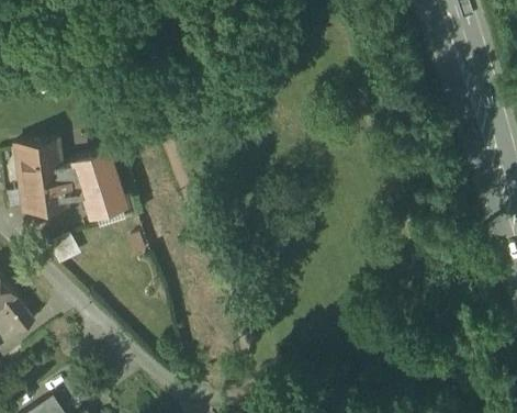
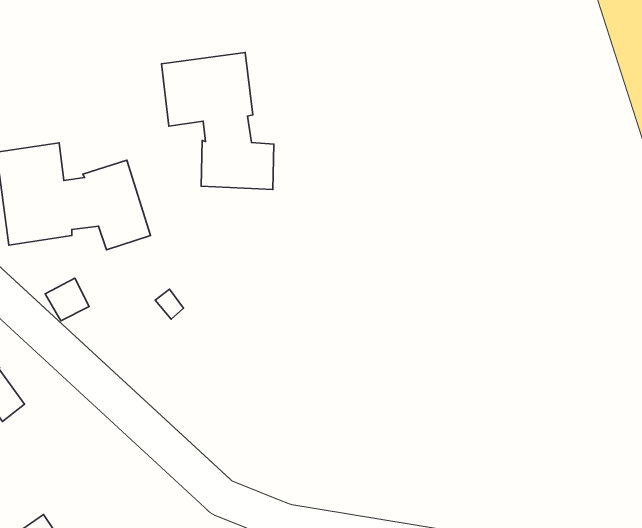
building: none -> [161,53,274,190]

